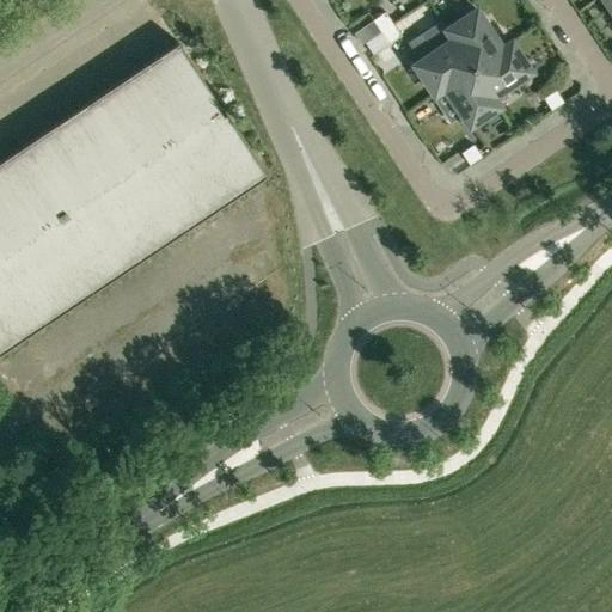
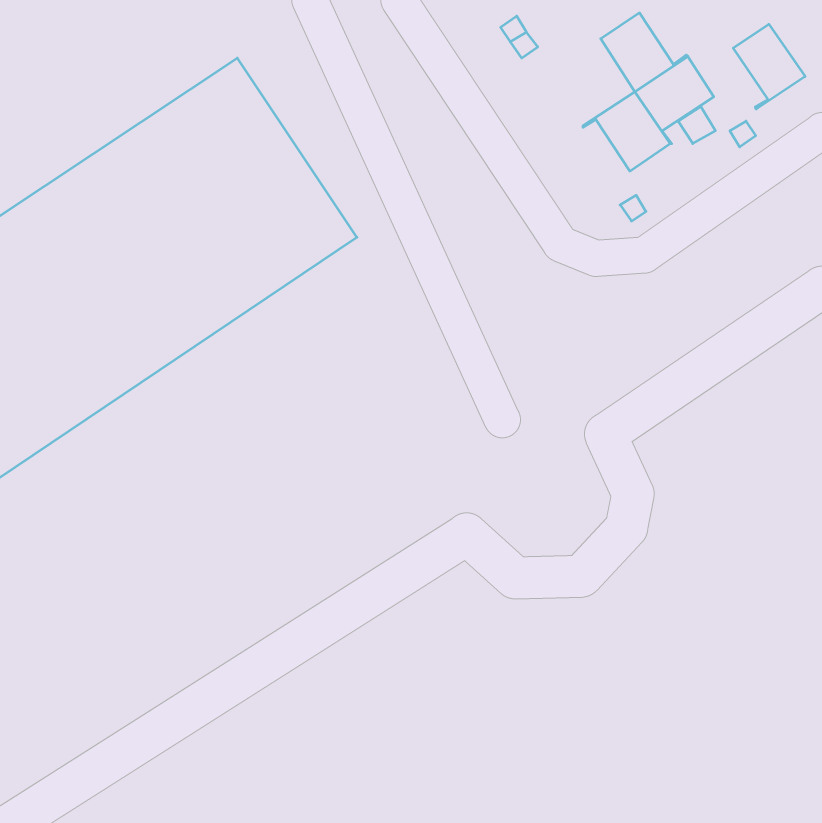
building: none -> [733,24,805,109]
building: [411,23,470,94] -> none

